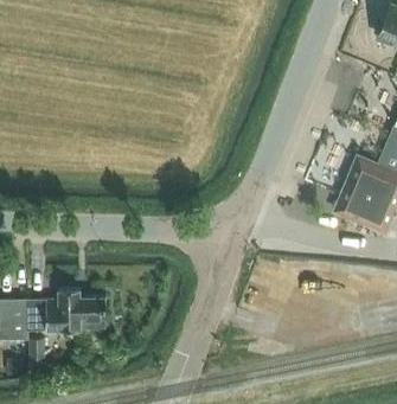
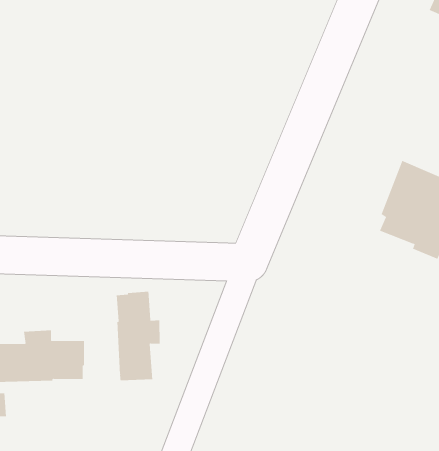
building: none -> [116,291,160,381]

